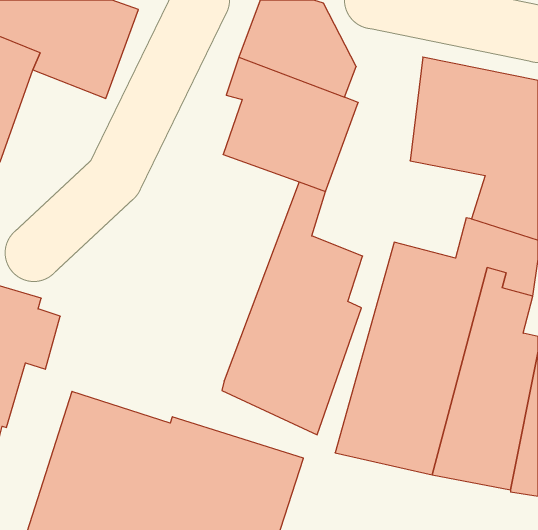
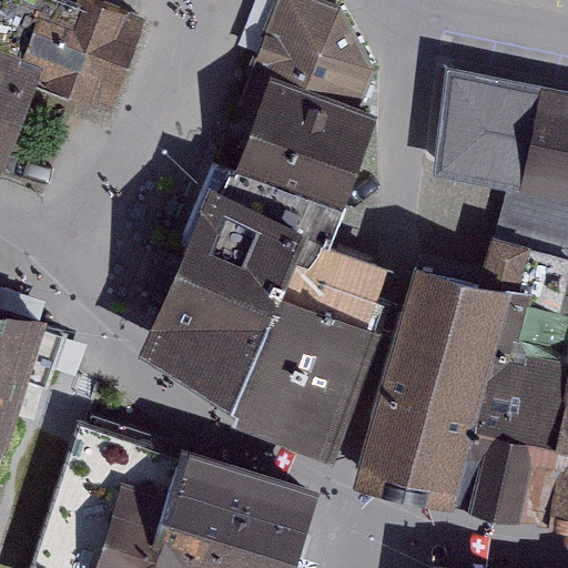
building: none -> [138,173,314,410]

